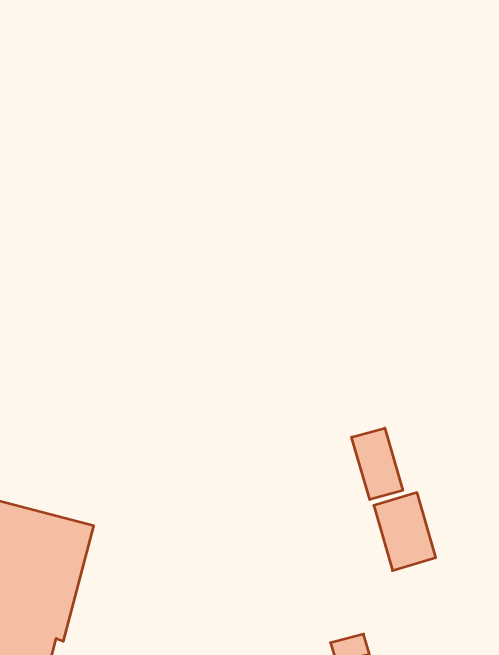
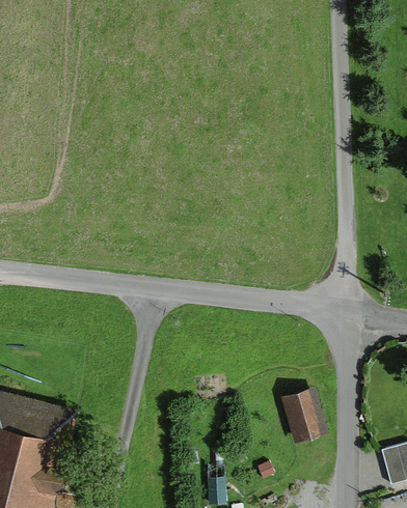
building: [352,428,403,500] -> none

